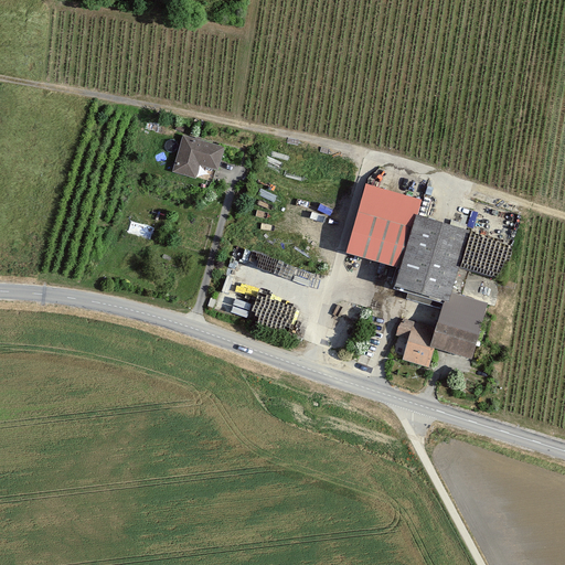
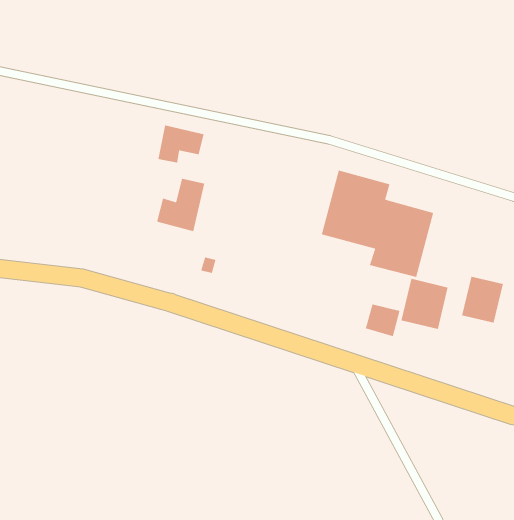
building: none -> [156,178,205,232]
building: none -> [461,276,504,323]

